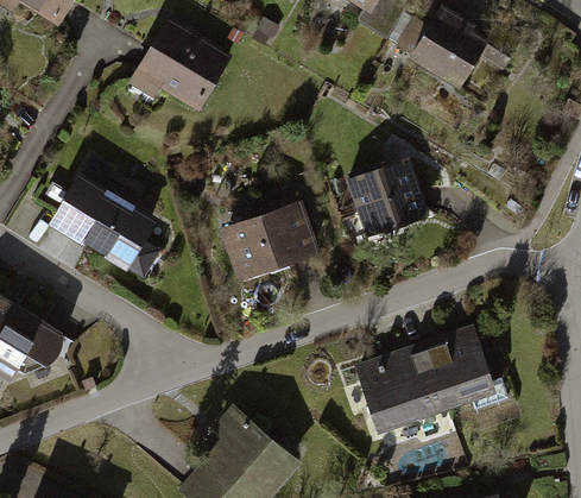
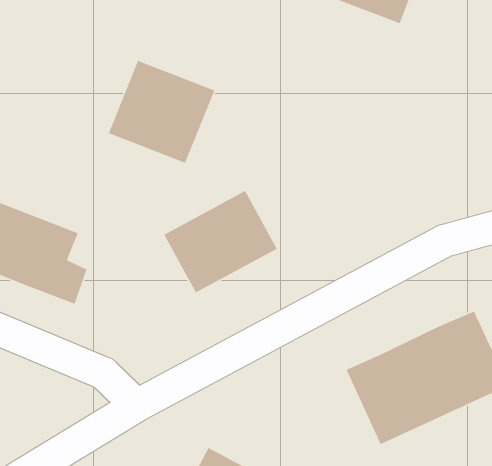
building: [130,20,227,115] -> [108,60,215,164]
building: [346,157,431,242] -> none

